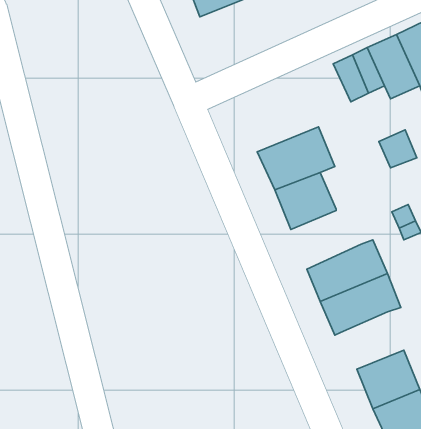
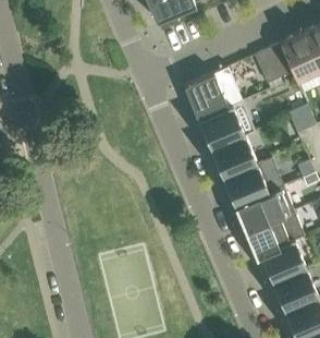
building: none -> [183,67,243,120]
building: none -> [222,157,283,207]
building: none -> [259,239,306,281]

